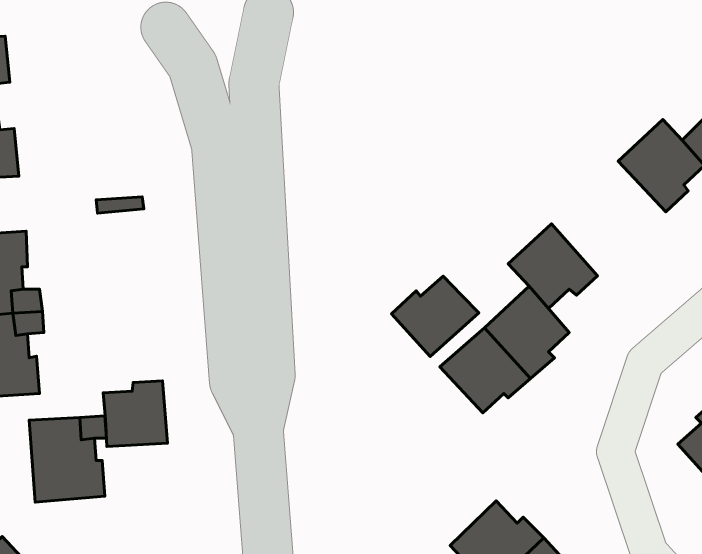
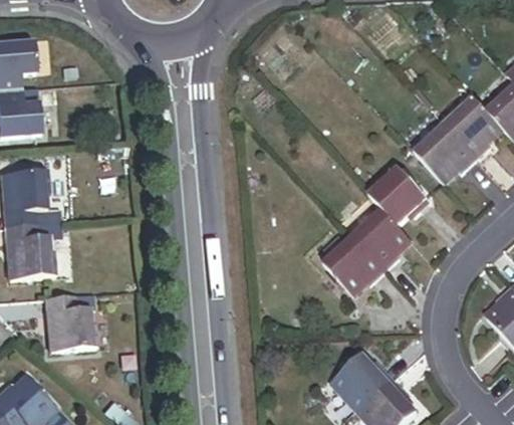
building: none -> [416,123,476,179]
building: [392,276,479,356] -> none
building: [103,381,168,447] -> none

